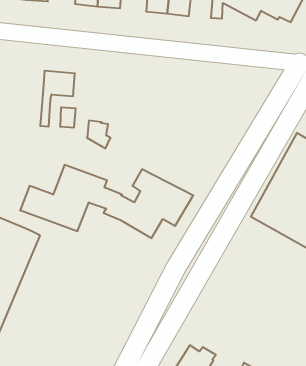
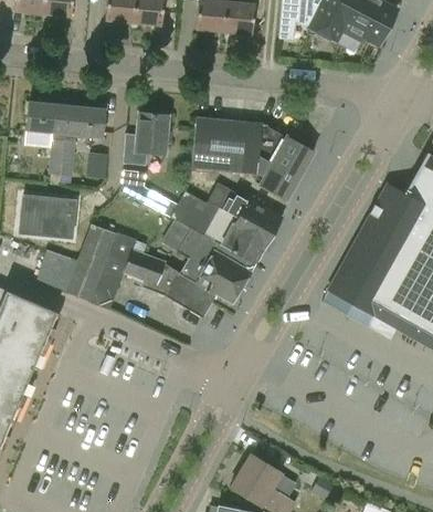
building: none -> [23,102,66,175]
building: none -> [123,113,168,165]
building: none -> [192,117,314,200]
building: none -> [170,181,281,263]
building: none -> [19,196,74,237]

